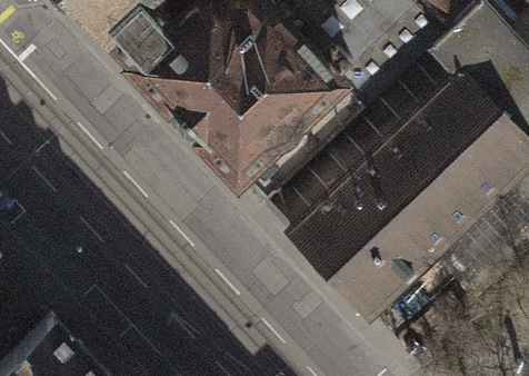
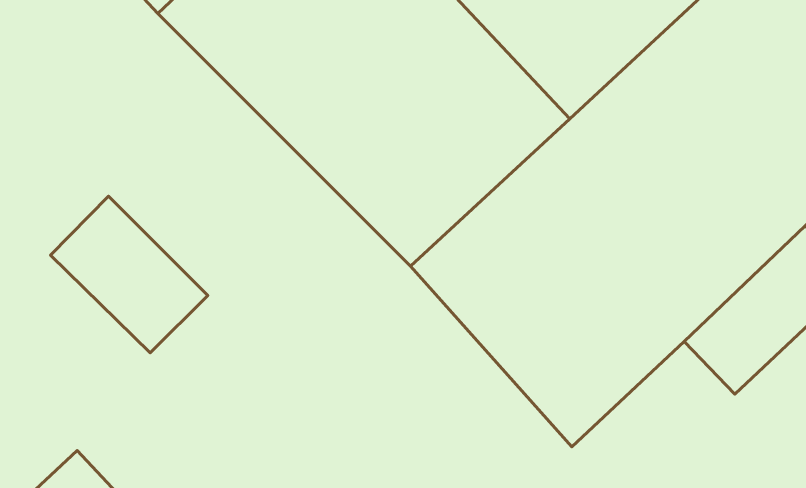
building: none -> [50,196,208,353]

